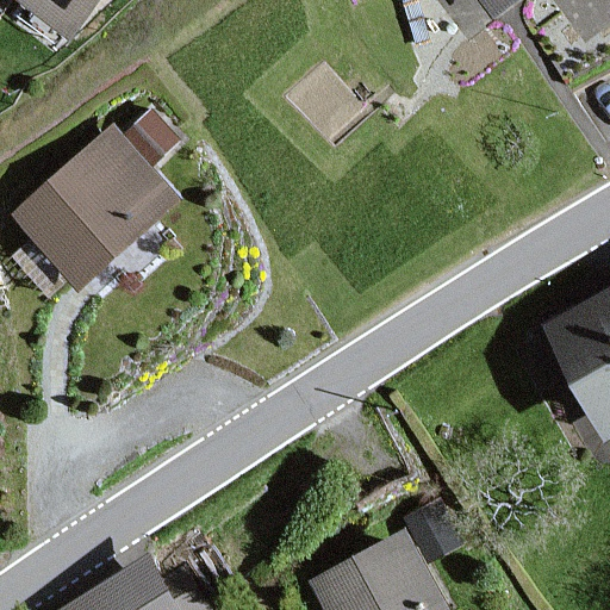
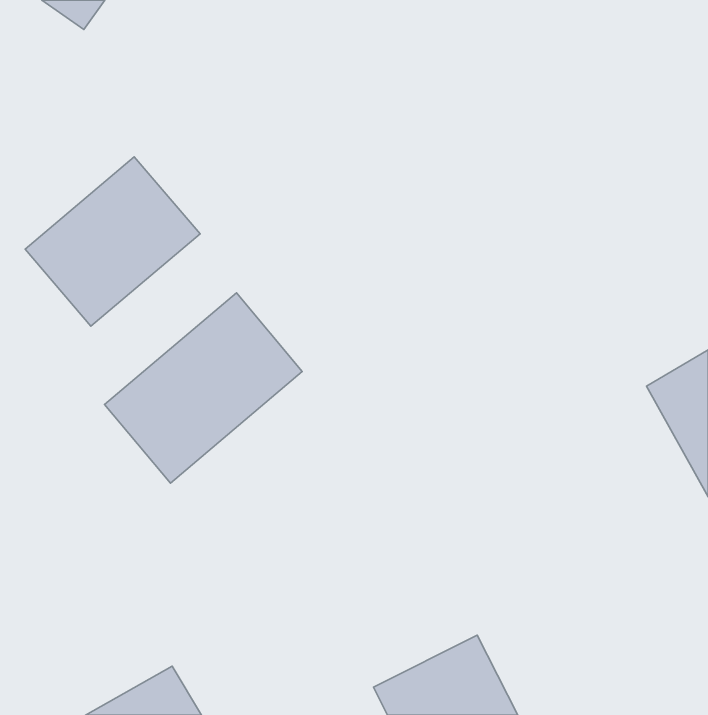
building: none -> [105,293,302,483]

